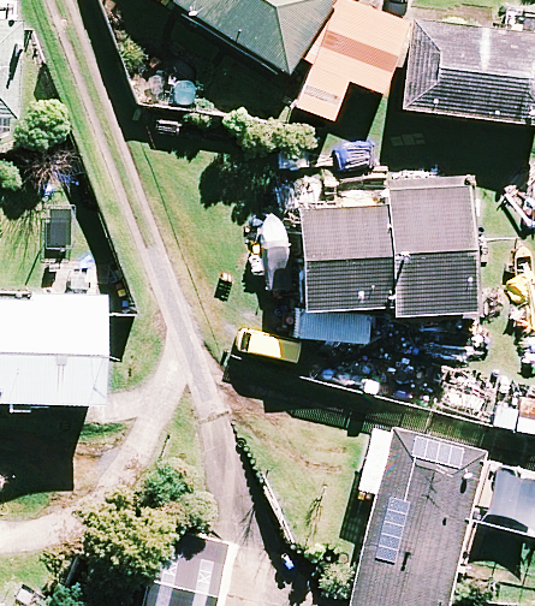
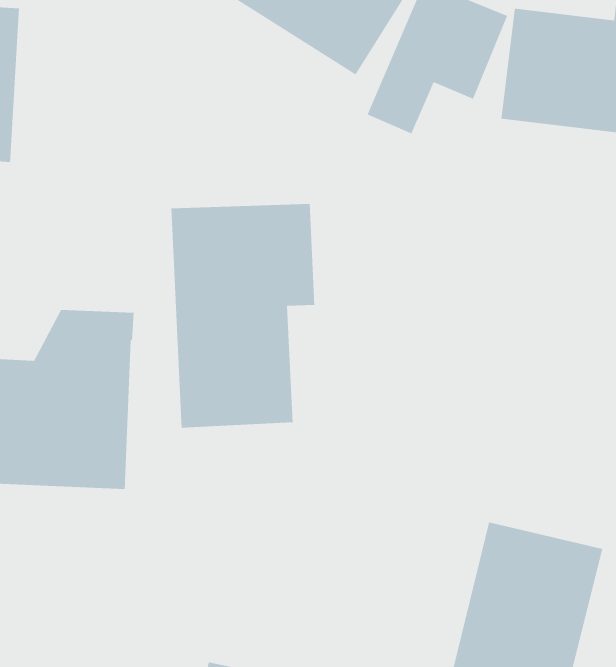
building: none -> [170,203,315,428]
building: [302,185,475,316] -> none

